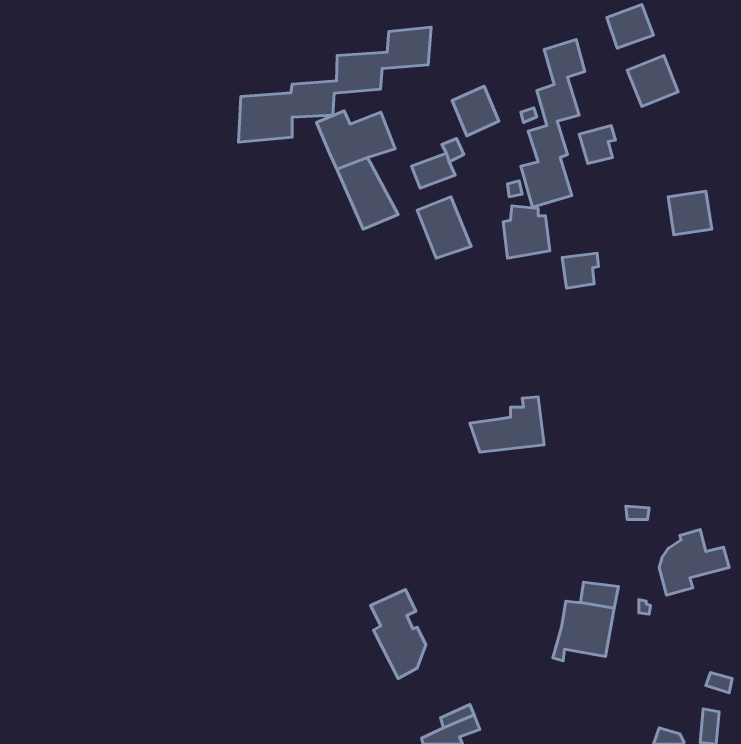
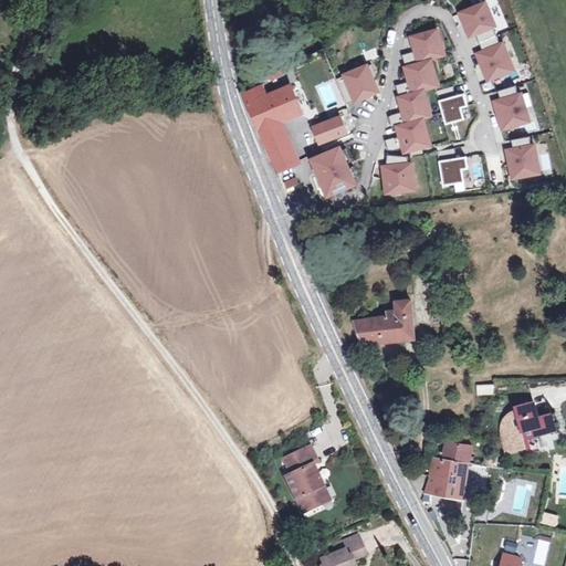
building: [239,27,431,142] -> none
building: none -> [494,93,530,129]
building: [562,253,598,288] -> [439,158,467,185]

